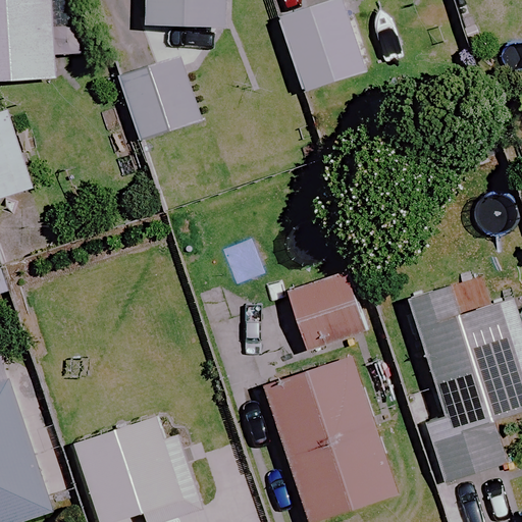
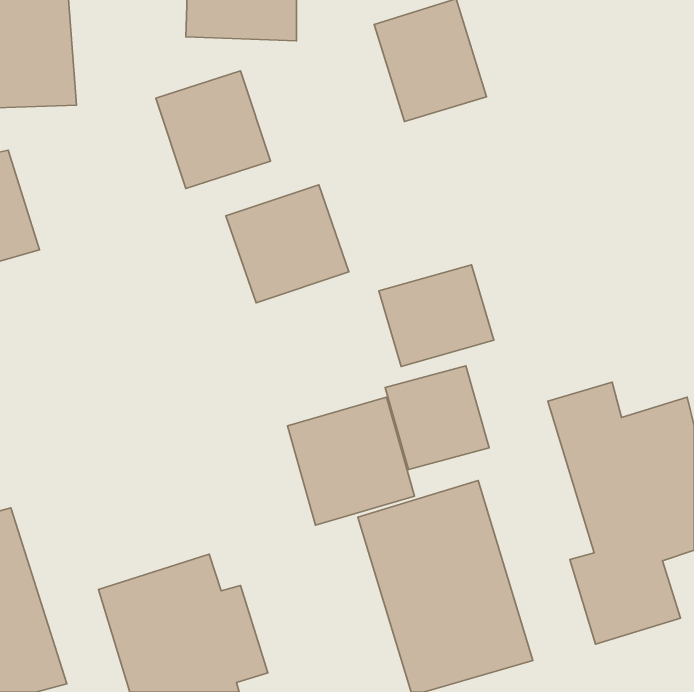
building: none -> [226,185,349,303]
building: none -> [379,265,494,366]
building: none -> [287,397,414,525]

